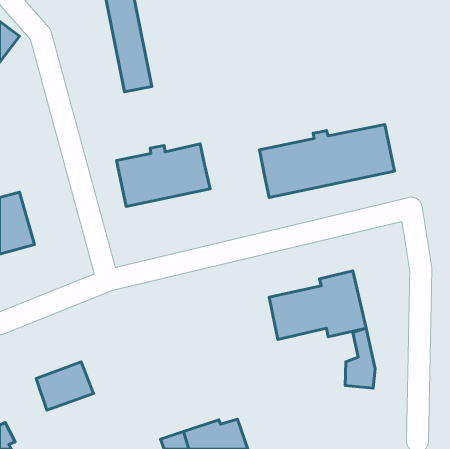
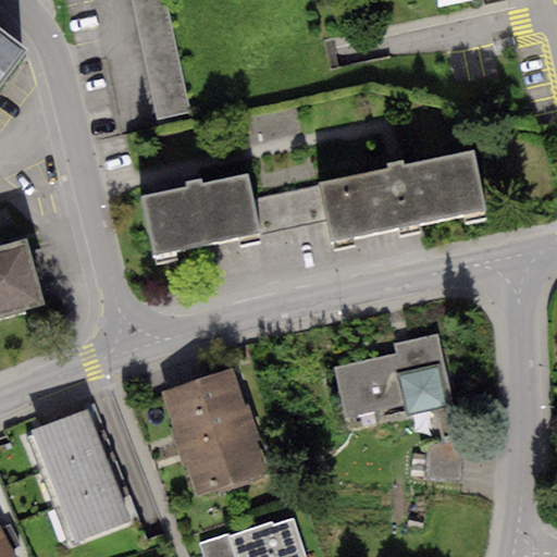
building: none -> [251,185,326,233]
building: none -> [159,366,268,496]
building: none -> [29,408,100,467]
building: none -> [58,485,127,541]

